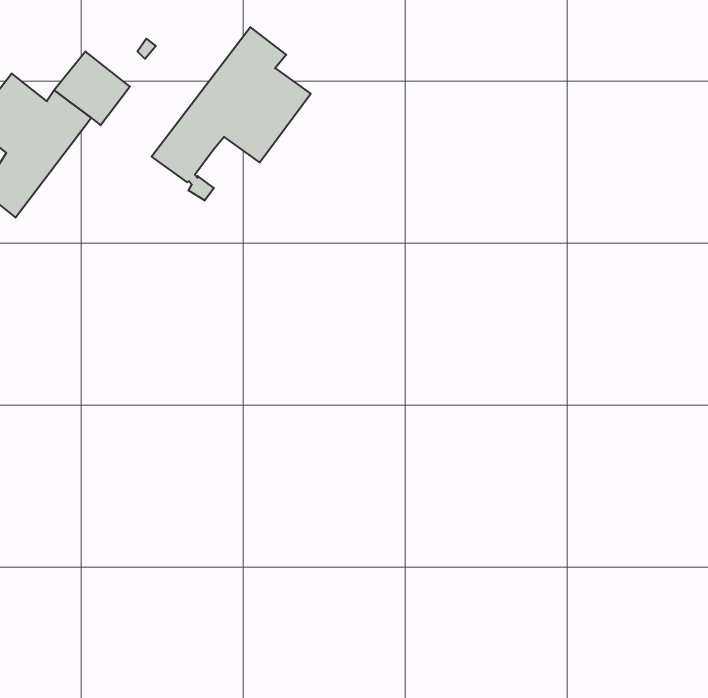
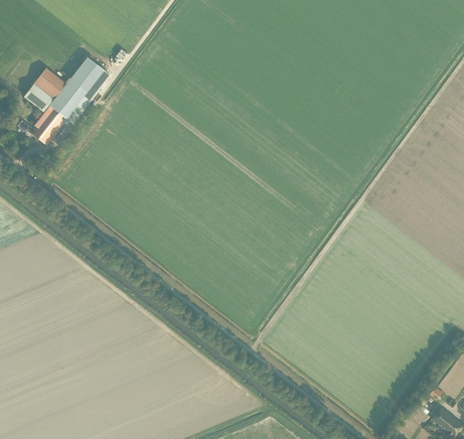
building: [152,27,311,201] -> none

